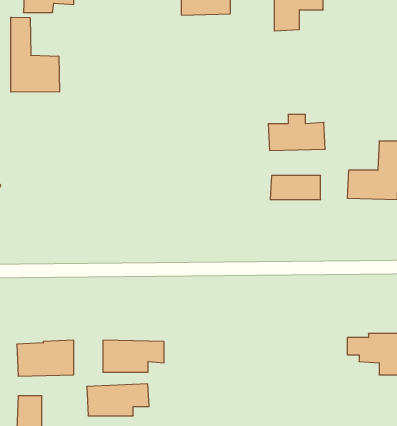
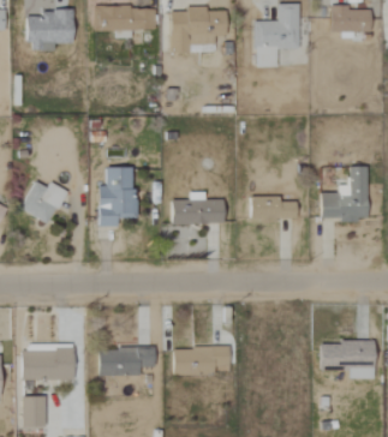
building: [11,17,59,92] -> none
building: [268,115,325,150] -> [172,192,223,225]
building: none -> [97,167,135,227]
building: none -> [20,181,66,223]
building: [87,384,149,416] -> [173,346,229,375]

